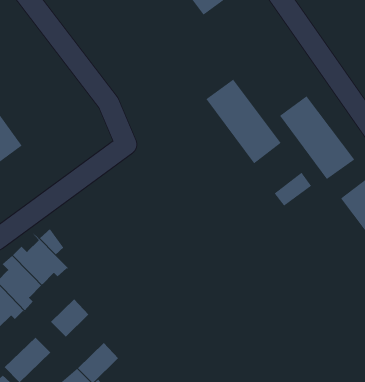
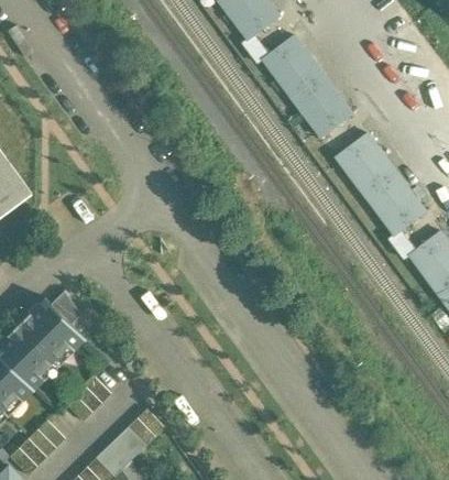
building: [206,79,282,164] -> [263,36,353,138]
building: [274,172,312,206] -> none
building: none -> [129,408,165,446]

